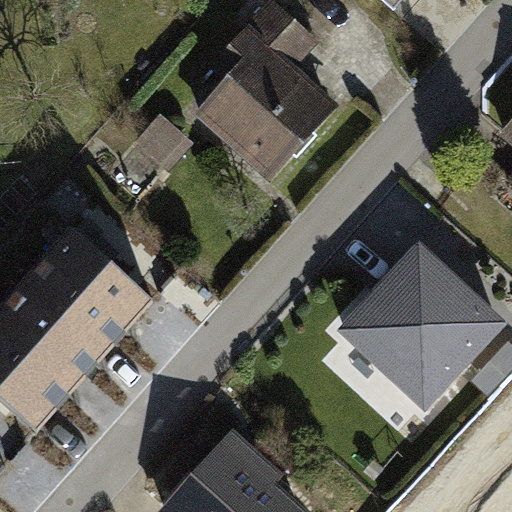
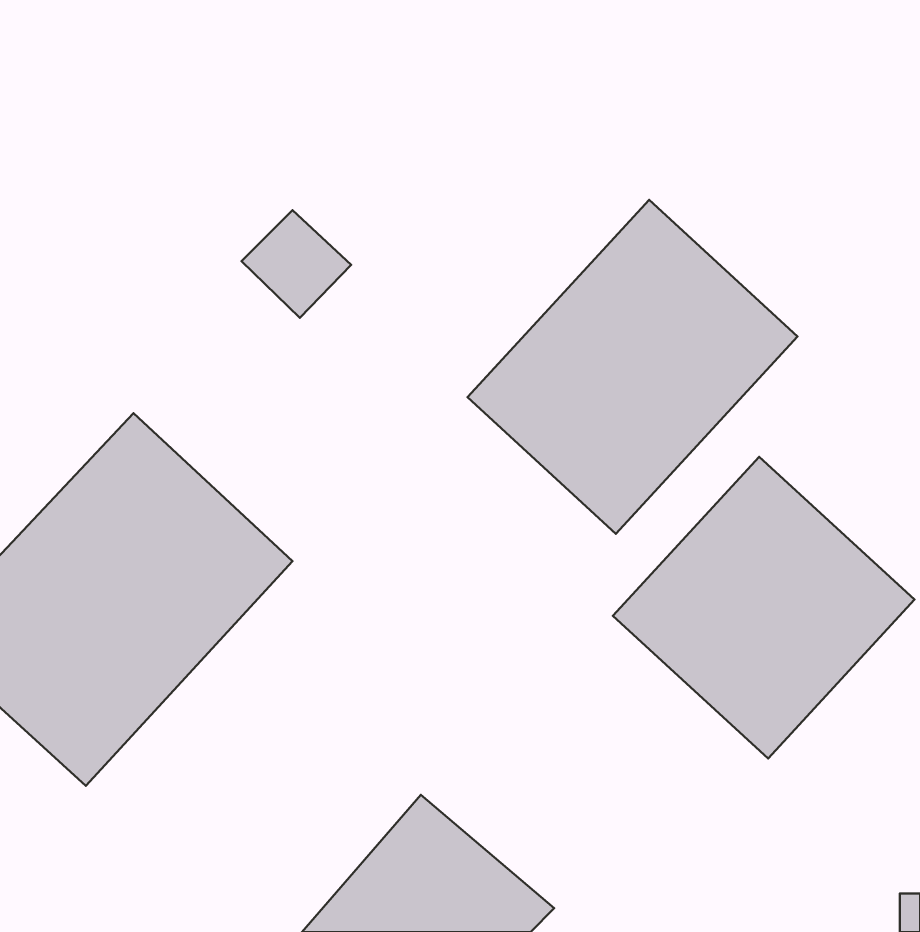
building: [178,22,333,174] -> none
building: none -> [468,200,798,534]

